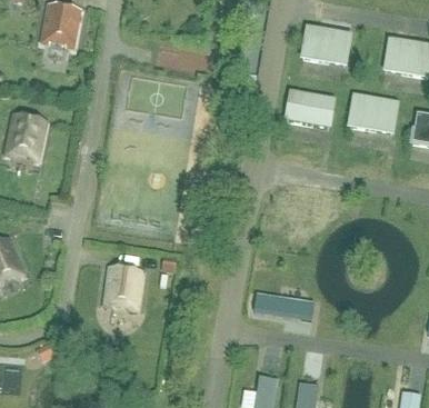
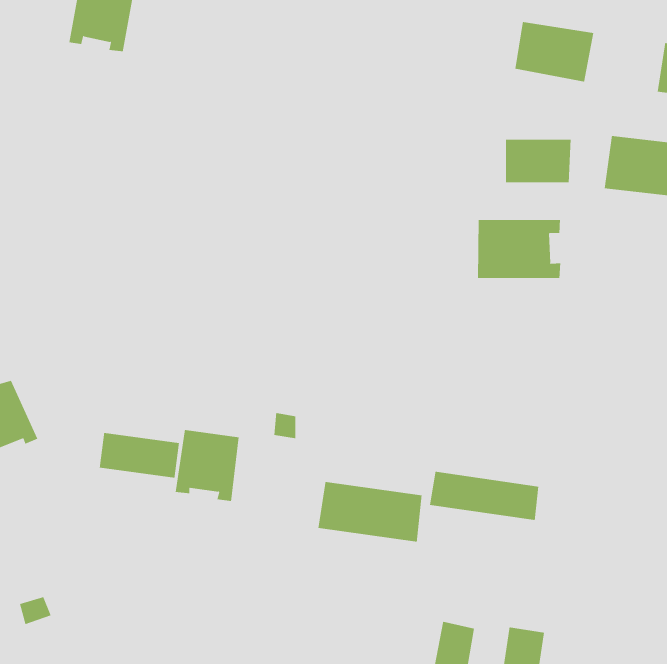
building: [6,115,46,158] -> none
building: none -> [477,219,561,279]
building: none -> [99,432,179,478]
building: none -> [318,481,422,543]

